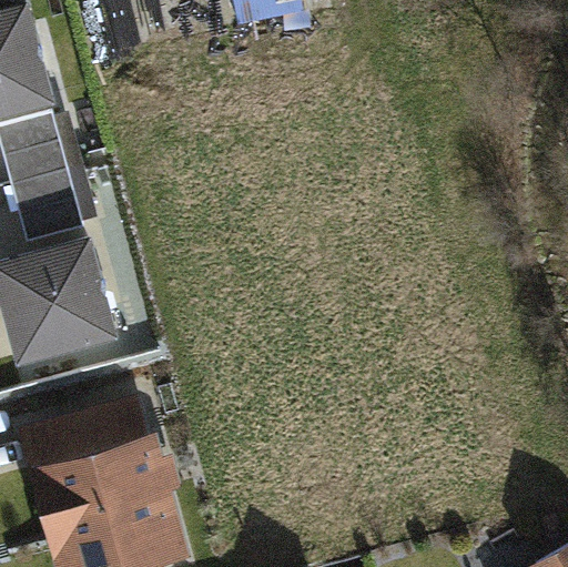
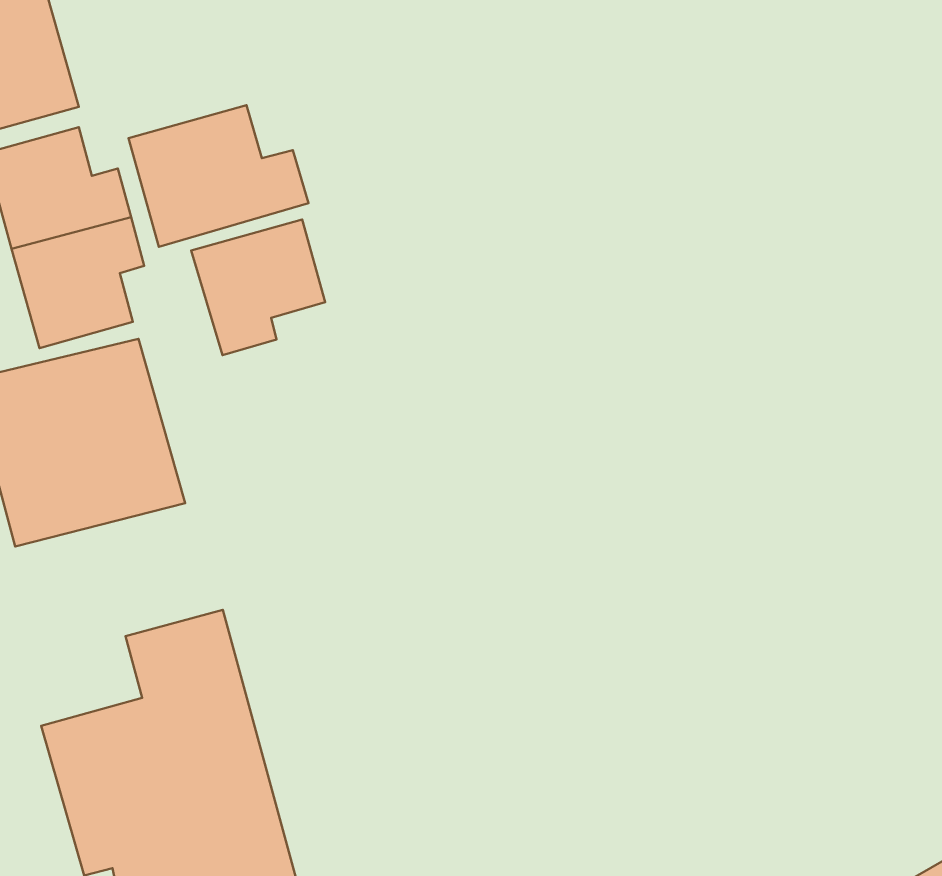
building: none -> [129,105,308,247]
building: none -> [191,220,325,355]

